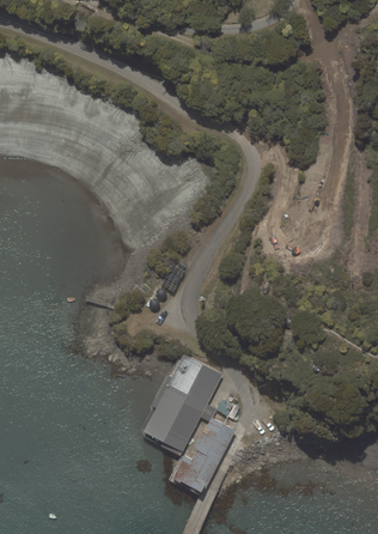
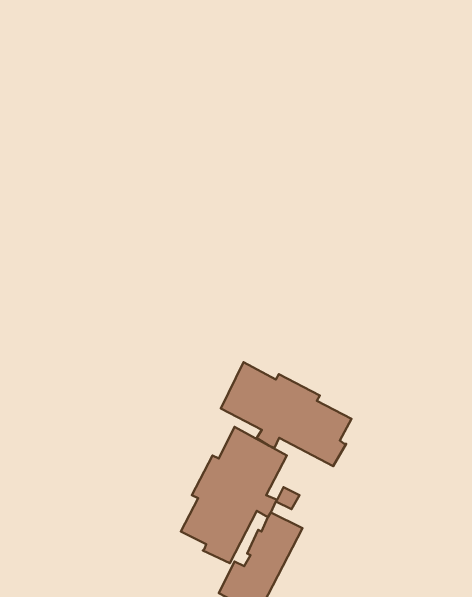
building: none -> [221,362,351,466]

